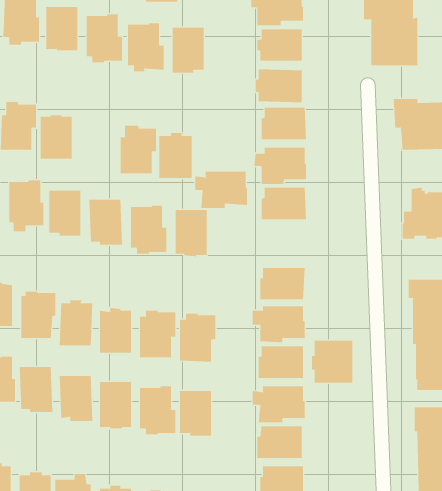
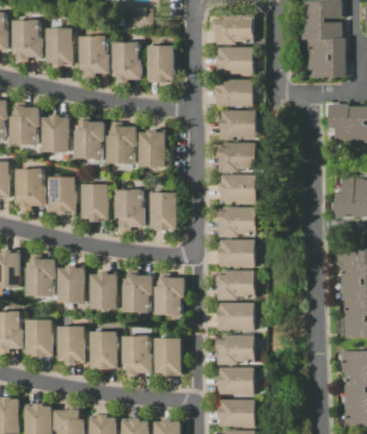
building: none -> [75,120,104,159]
building: [194,171,248,208] -> [214,207,257,237]
building: [312,340,353,384] -> none

